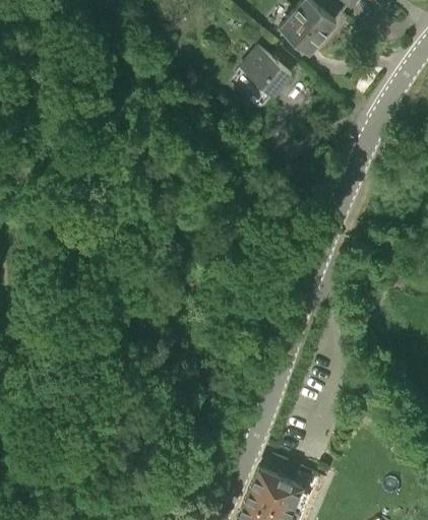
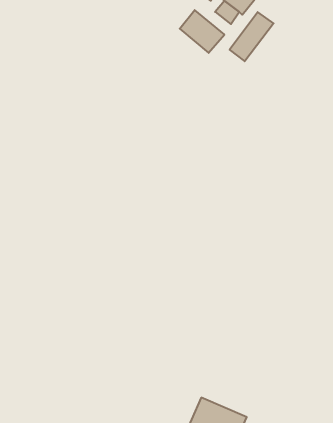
building: none -> [230,12,274,61]

